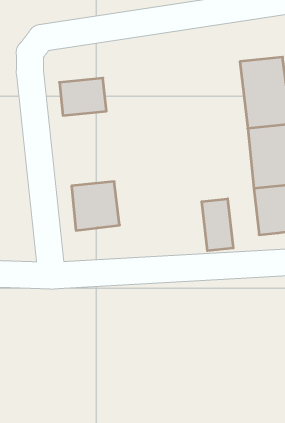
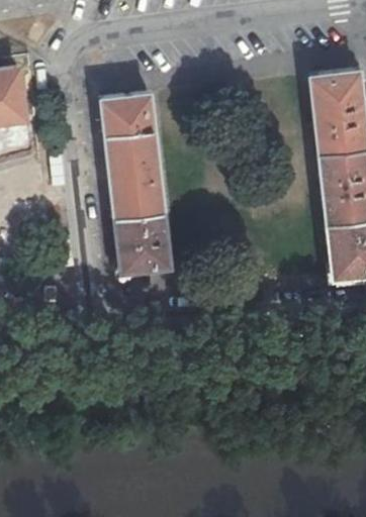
building: none -> [104,136,164,223]
building: [202,199,233,251] -> none

